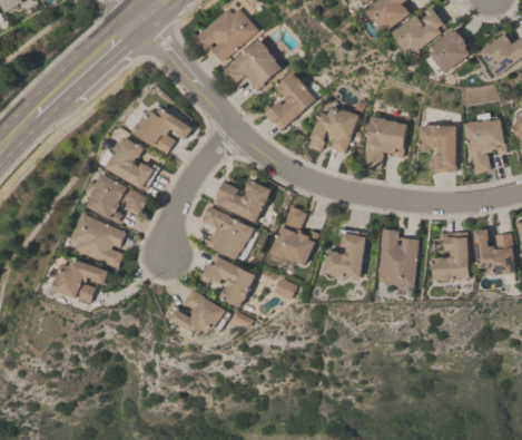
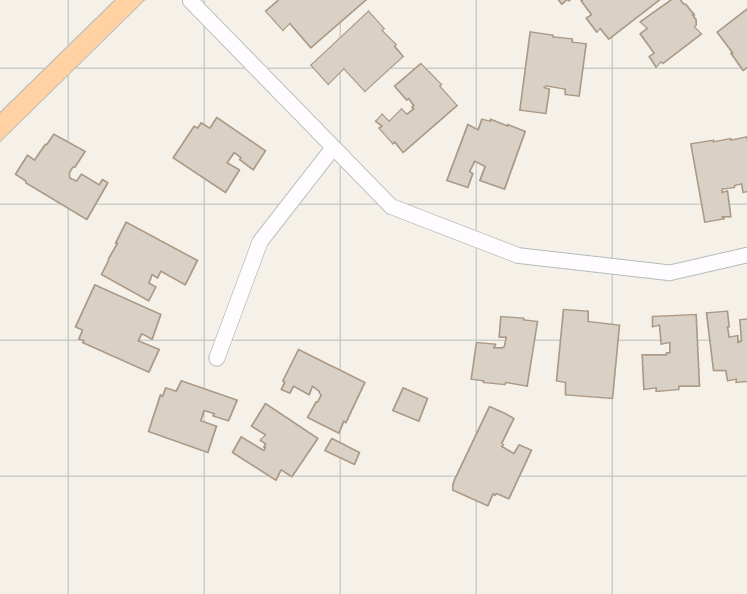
building: [363,116,405,168] -> [520,32,586,114]
building: [418,124,455,170] -> none
building: [100,136,159,190] -> [15,134,108,220]
building: [213,179,269,222] -> none
building: [200,205,253,258] -> none
building: [267,205,317,268] -> [453,406,531,506]
building: [51,258,108,304] -> [148,381,237,452]

